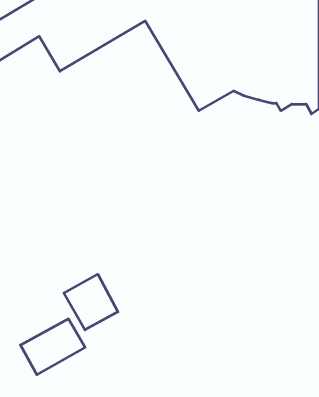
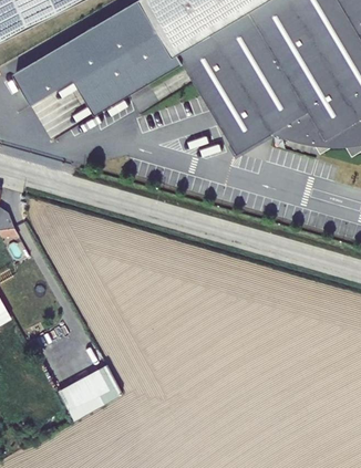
building: [64,274,118,330] -> none

